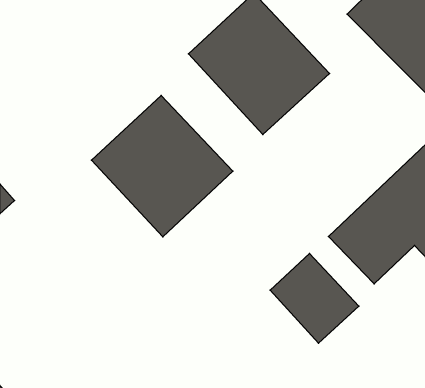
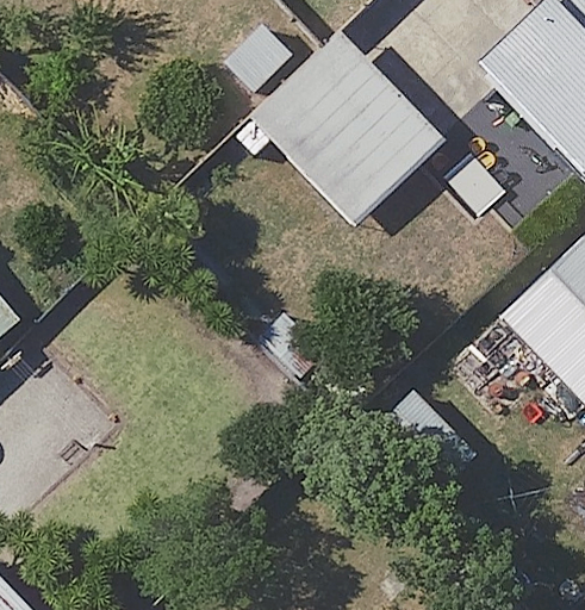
building: [92,96,233,237] -> none

